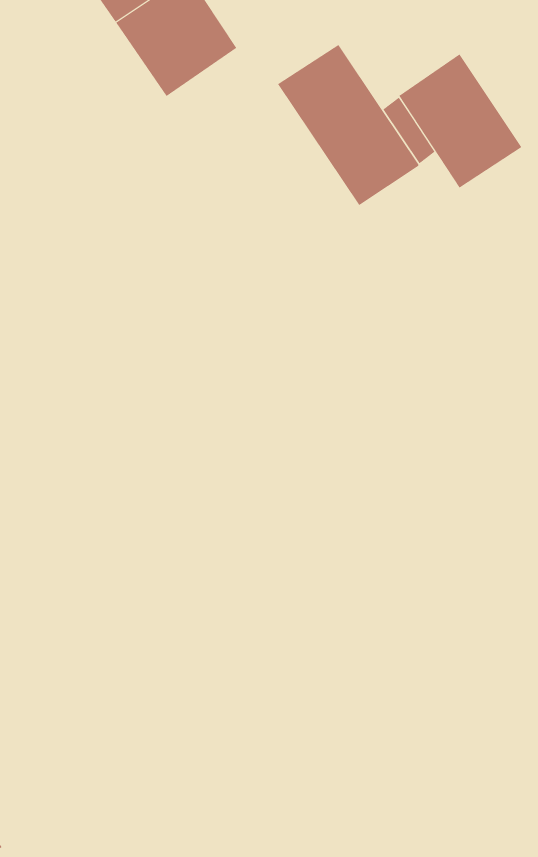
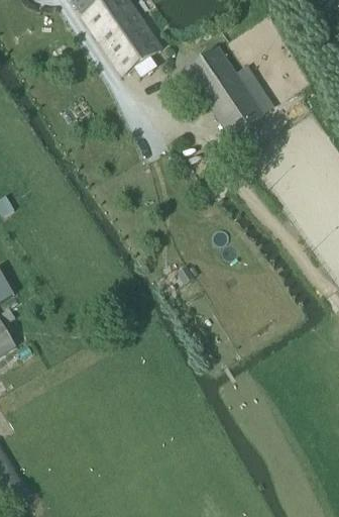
building: [399,53,522,188] -> none

